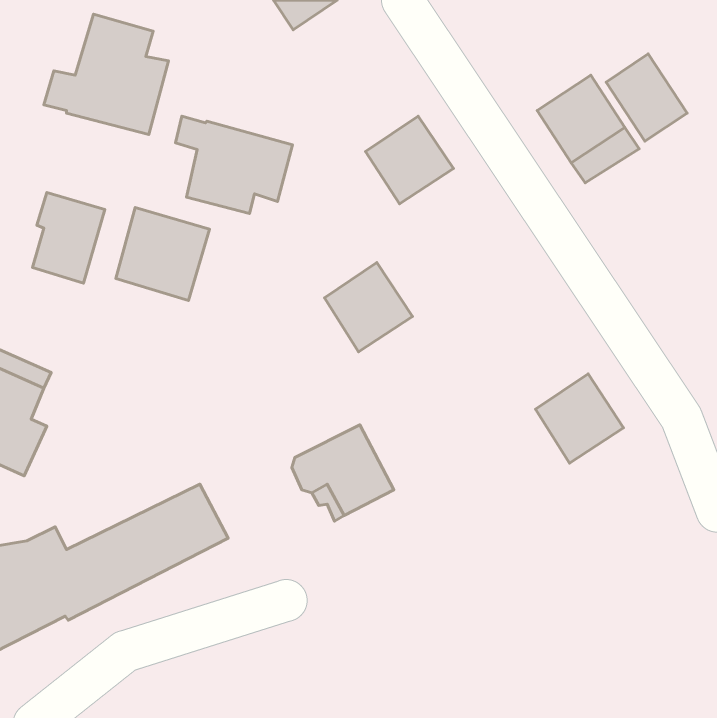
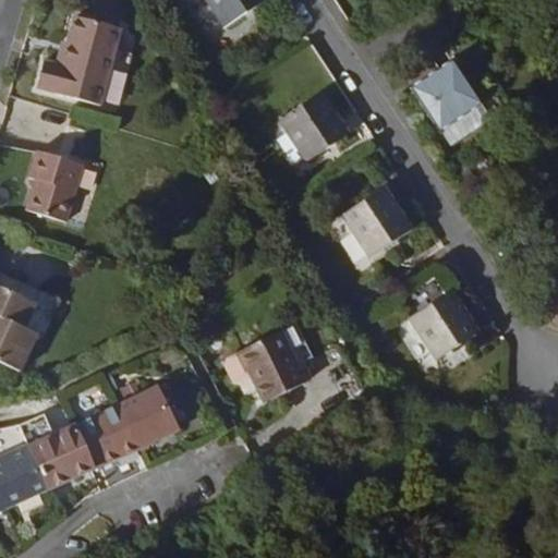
building: [606,54,687,141] -> none
building: [176,116,293,213] -> none
building: [116,207,210,301] -> none
building: [325,263,412,352] -> [344,190,412,258]

